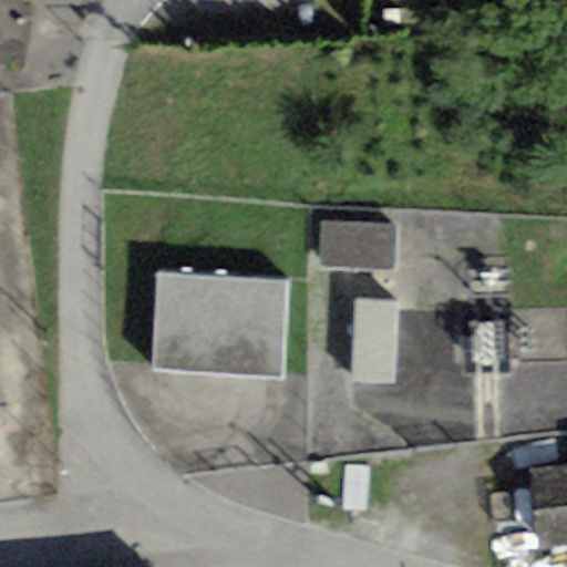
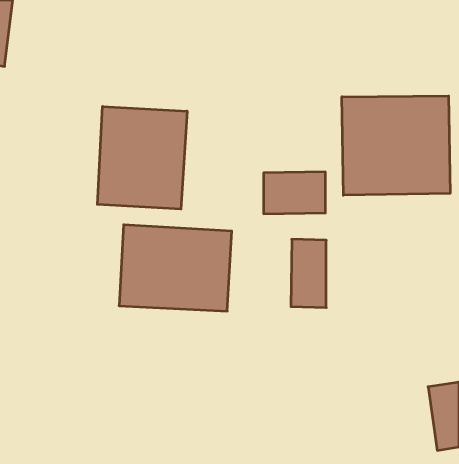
building: none -> [342,96,450,195]
building: none -> [97,106,187,209]

